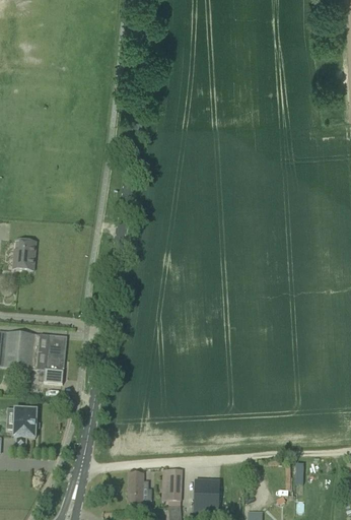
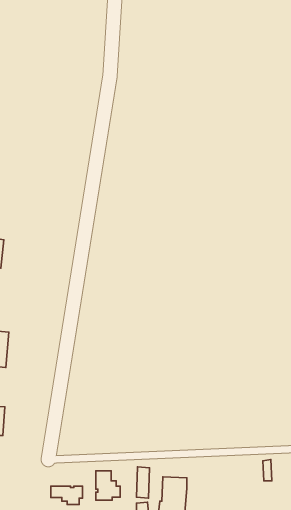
building: [42,334,65,383] -> none
building: none -> [51,486,83,504]

